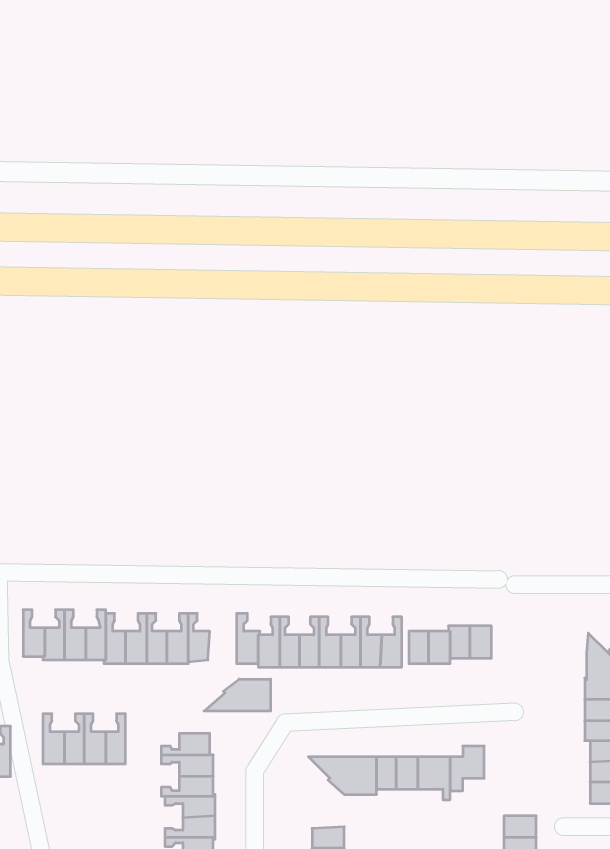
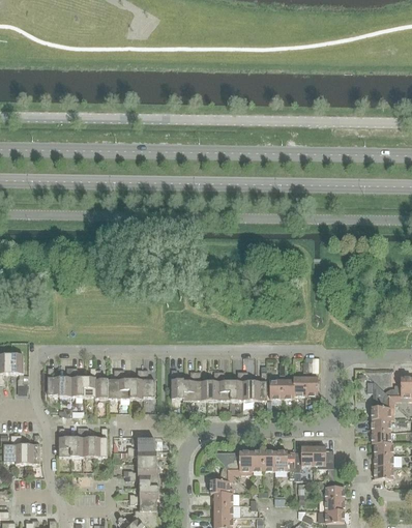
building: [204,679,271,711] -> none
building: none -> [314,445,333,467]
building: none -> [210,465,233,493]

